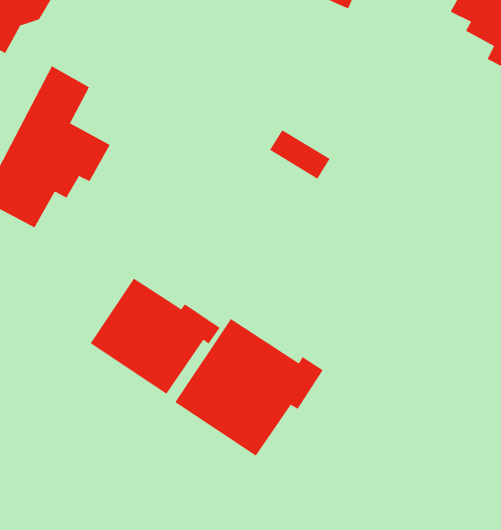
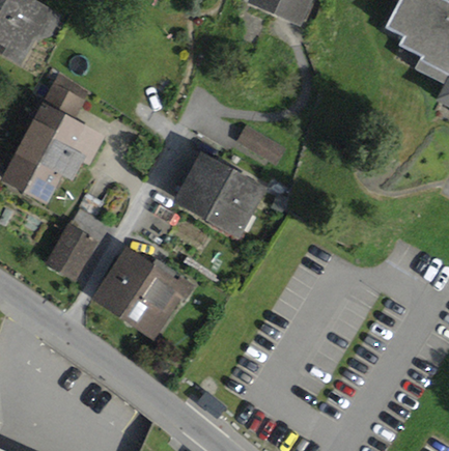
building: none -> [173,151,269,238]
building: none -> [44,206,110,283]
building: [175,318,324,457] -> none

